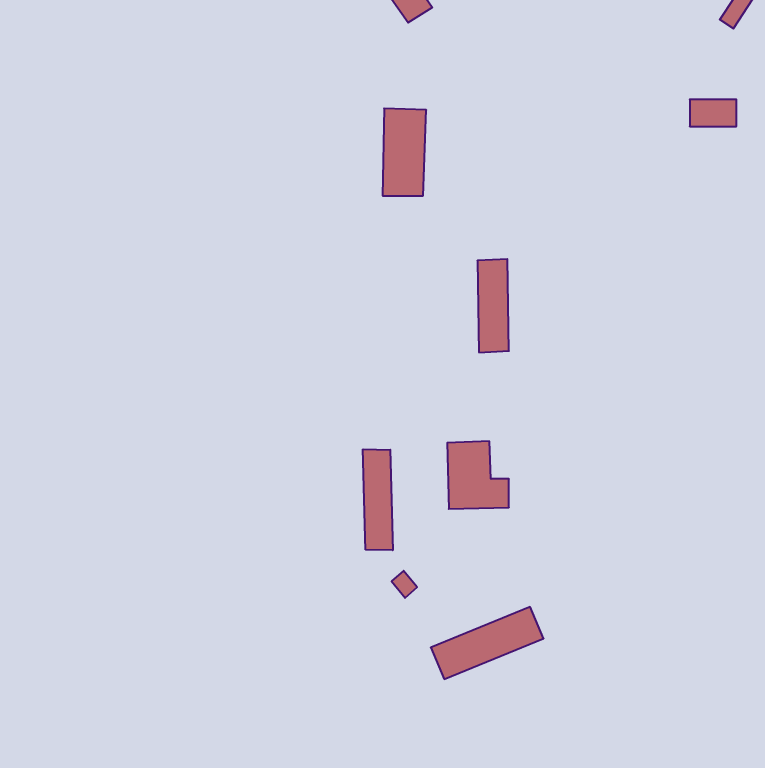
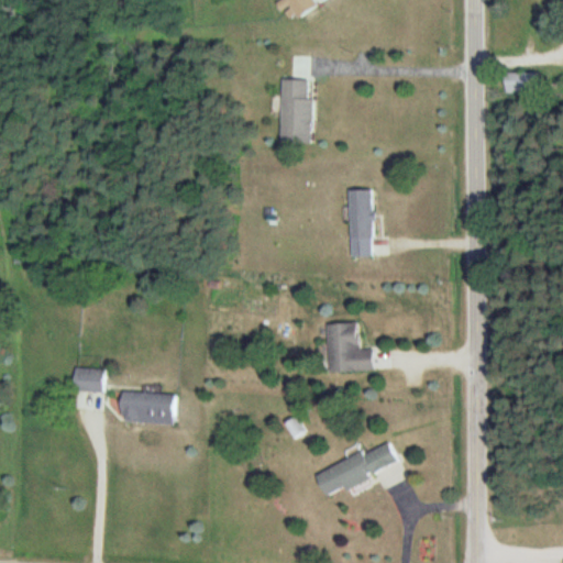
building: [363,449,393,550] -> none
building: none -> [73,368,102,390]
building: none -> [119,390,175,423]

